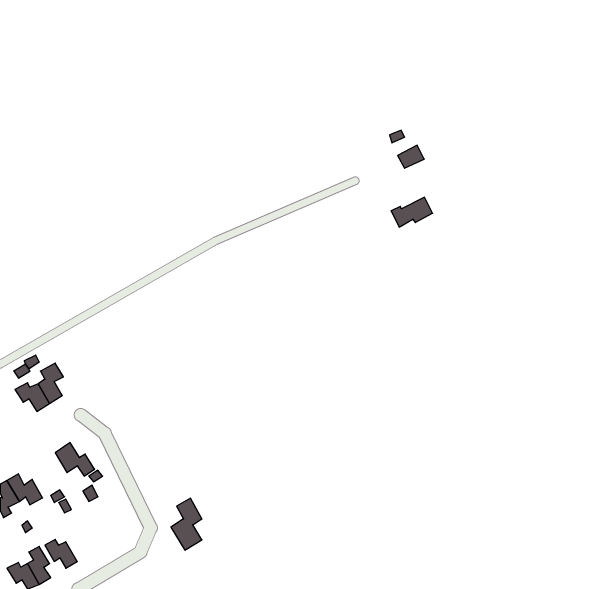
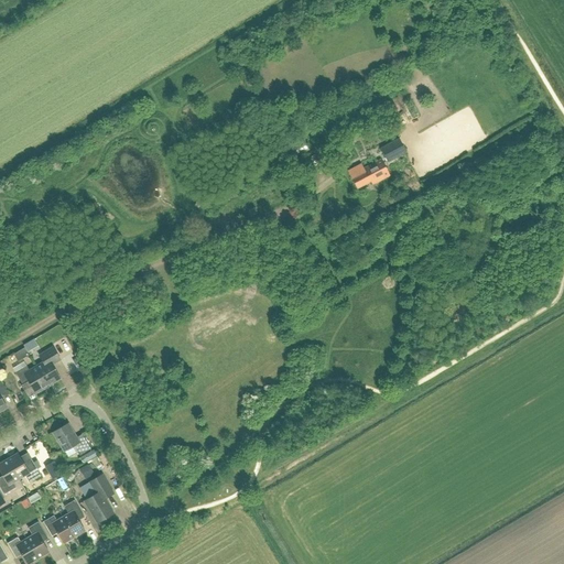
building: [391,197,433,227] -> [349,160,389,188]
building: [171,498,202,550] -> [84,474,113,523]
building: none -> [63,500,84,536]

